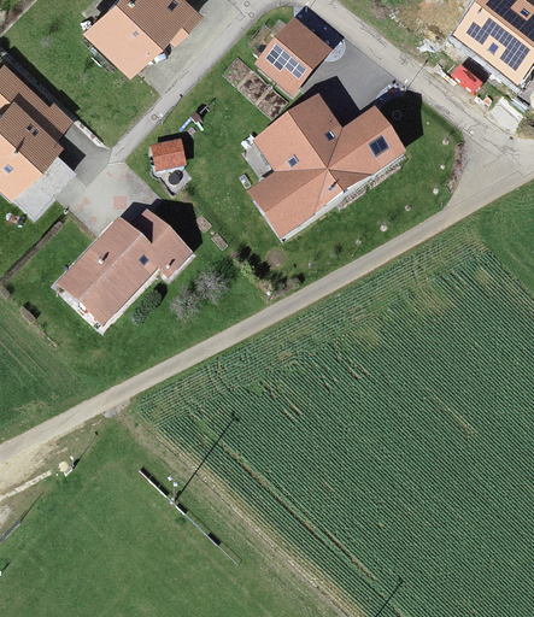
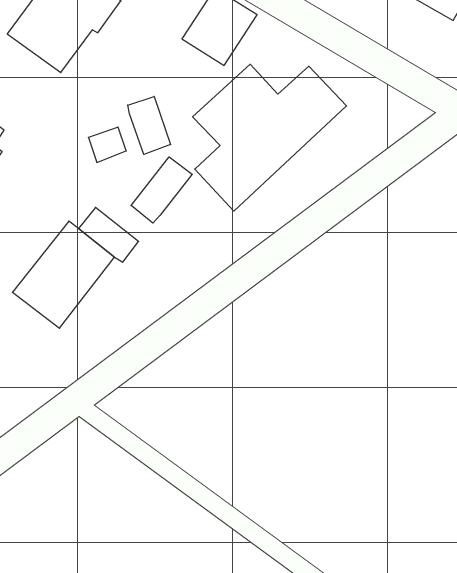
building: none -> [128,96,171,154]
building: none -> [131,157,192,223]

